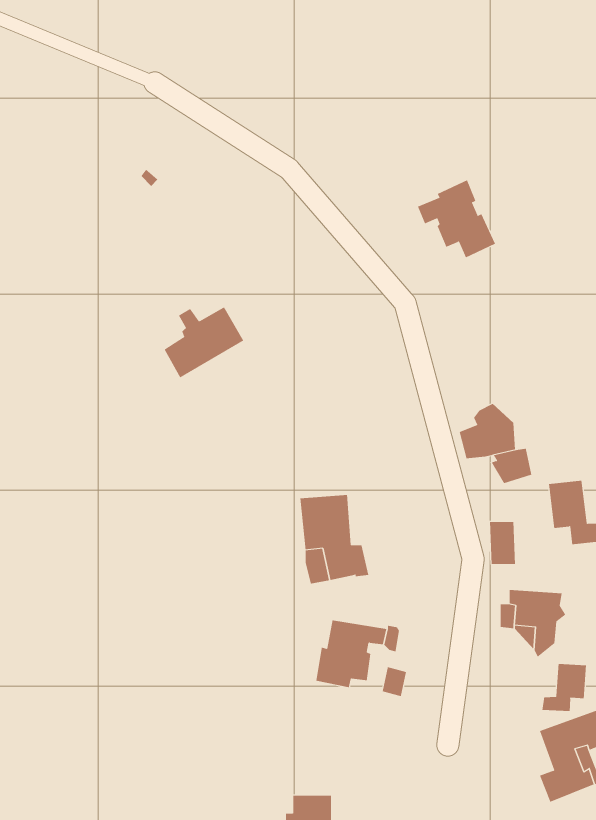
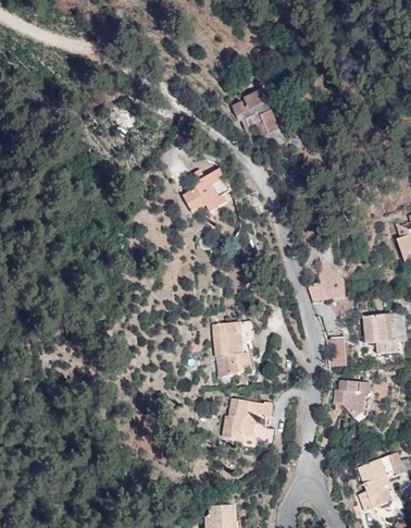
building: [417,180,496,258] -> [233,89,281,137]
building: [164,306,244,378] -> [183,168,232,211]
building: [542,663,586,712] -> none

